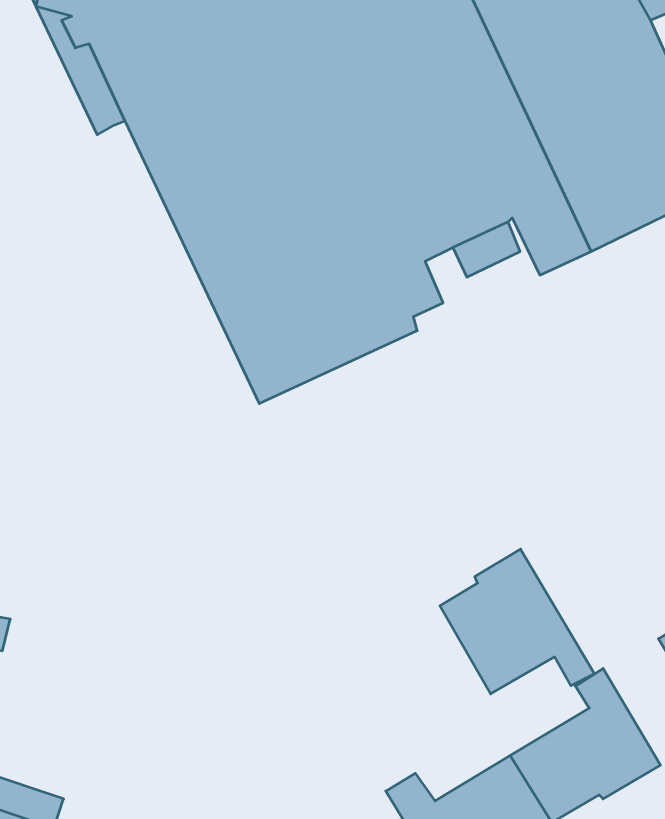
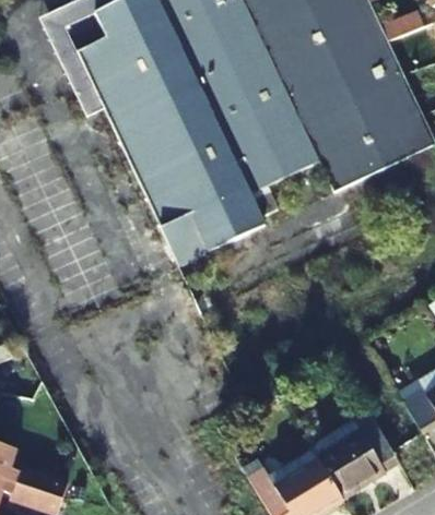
building: [440,549,594,694] -> none

